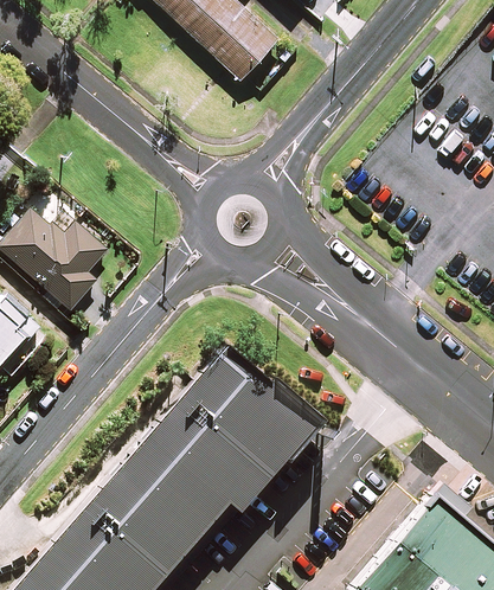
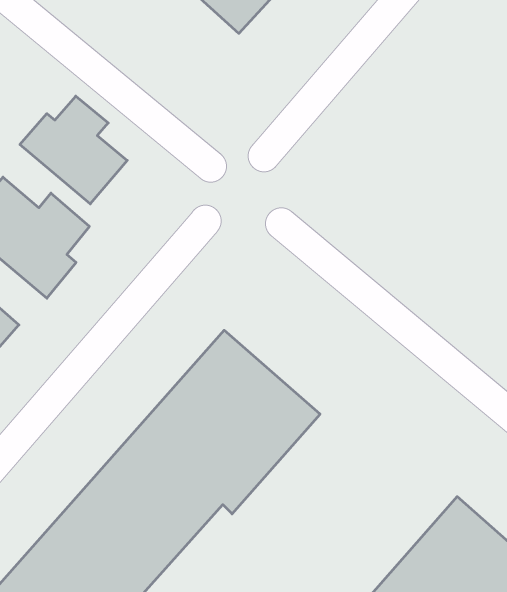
building: none -> [20,96,127,204]

